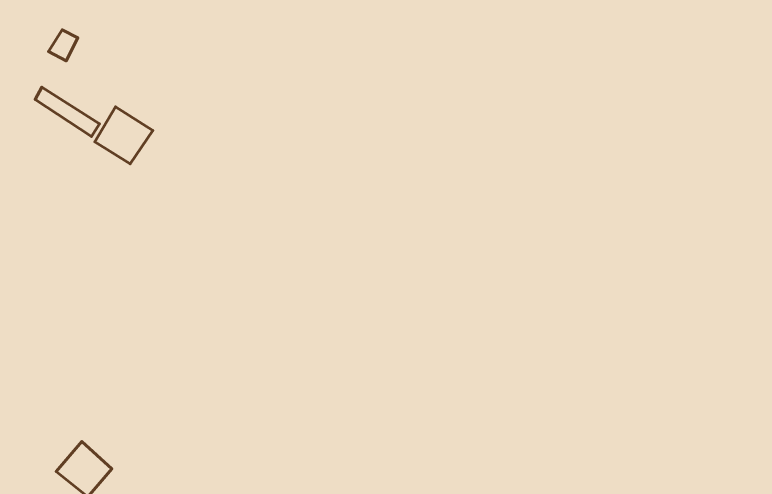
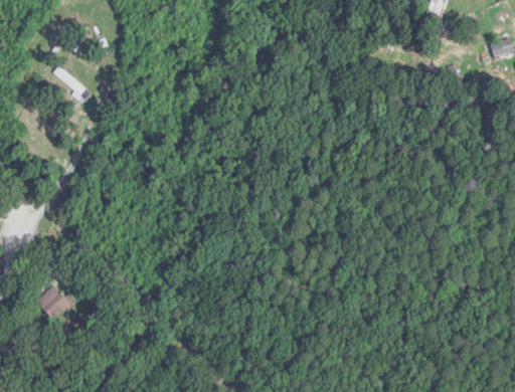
building: [95,107,153,164] -> none

